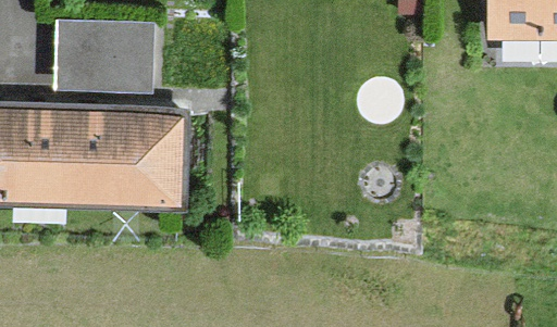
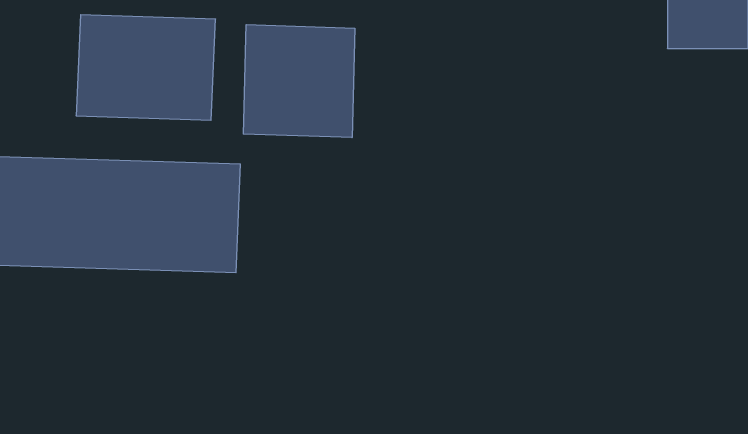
building: none -> [243,25,355,138]

